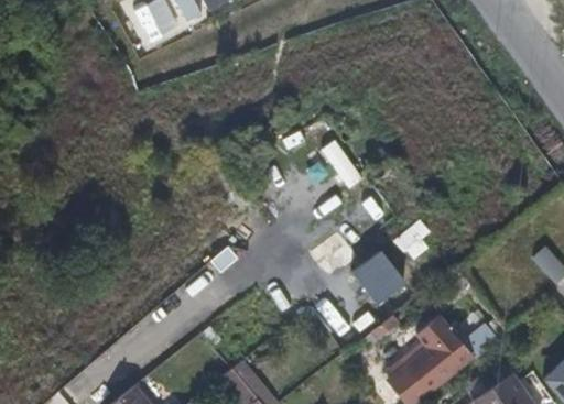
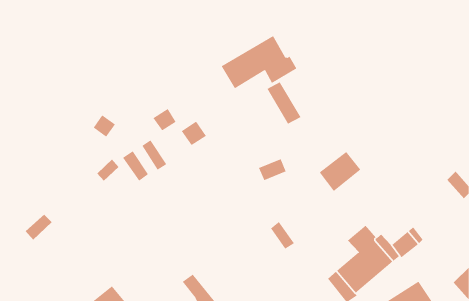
building: none -> [221,35,297,89]
building: [352,251,405,305] -> none

